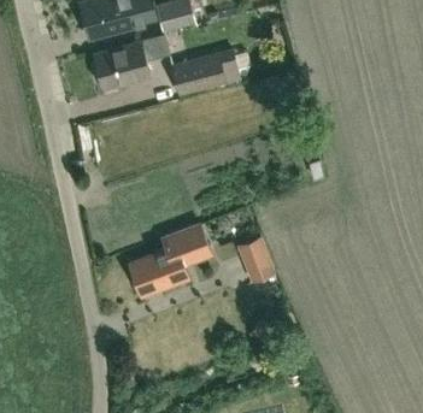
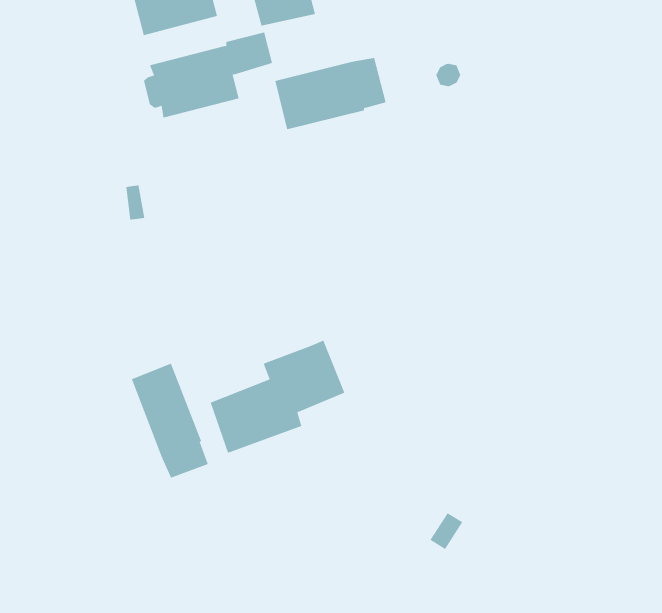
building: [235,236,274,282] -> none
building: none -> [131,363,208,479]

